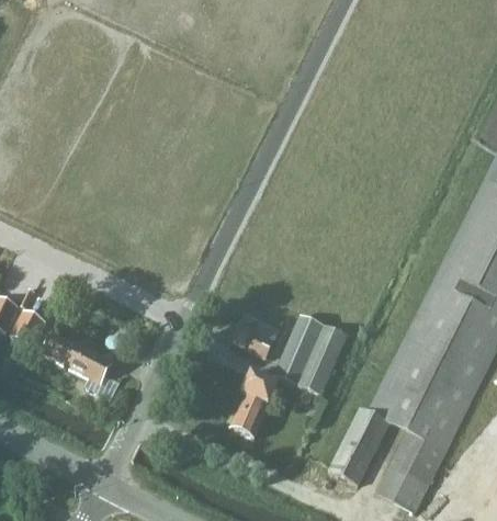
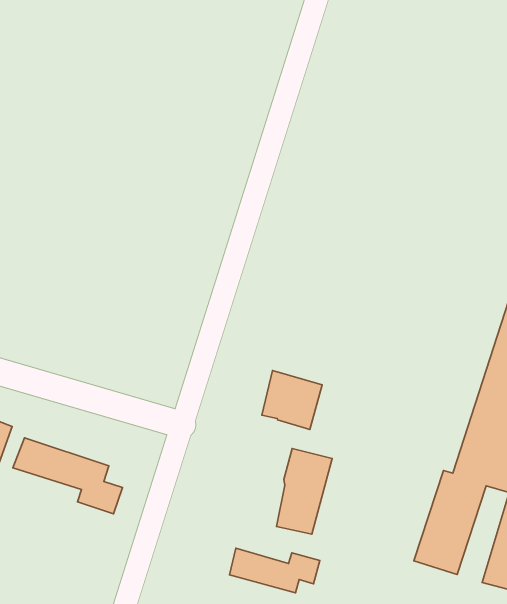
building: [273,315,349,396] -> none
building: none -> [230,548,320,593]

